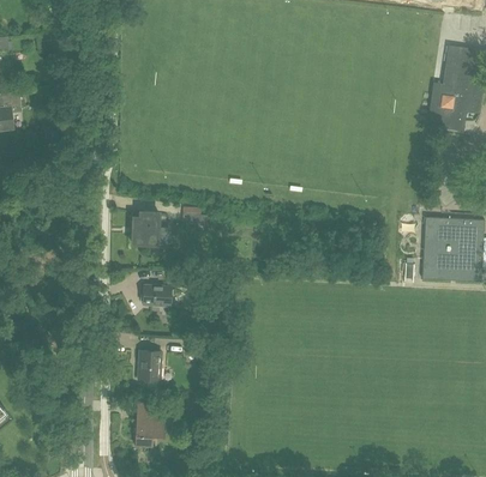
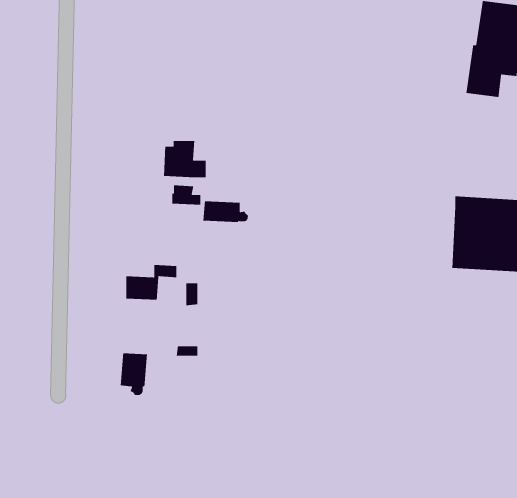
building: [131,212,168,244] -> [163,140,206,178]
building: none -> [202,200,249,223]
building: [133,417,162,446] -> none

